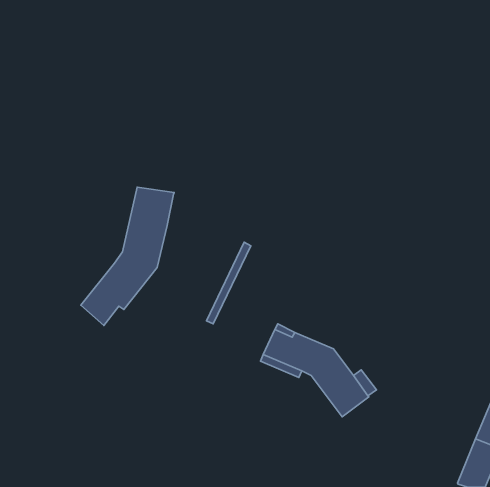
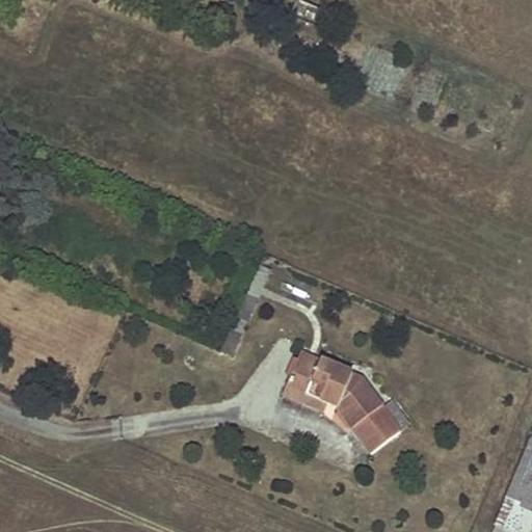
building: [81,187,174,325] -> none

